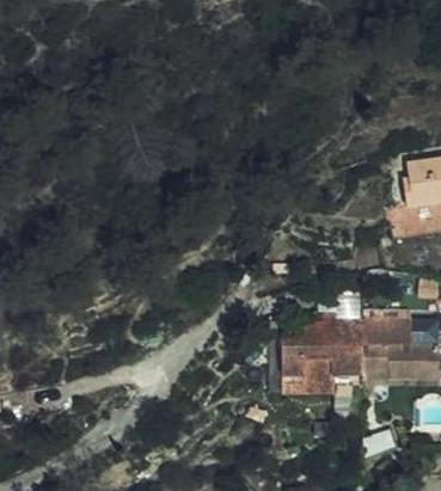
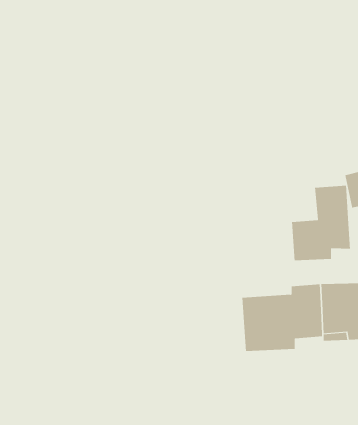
building: none -> [292,185,350,261]

